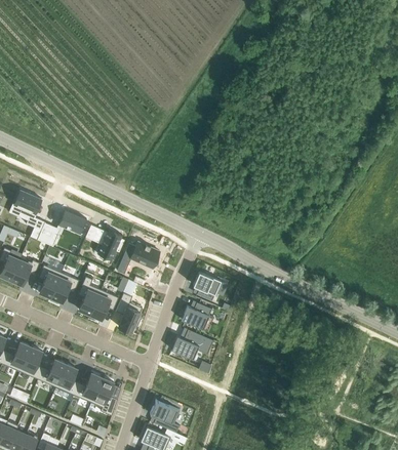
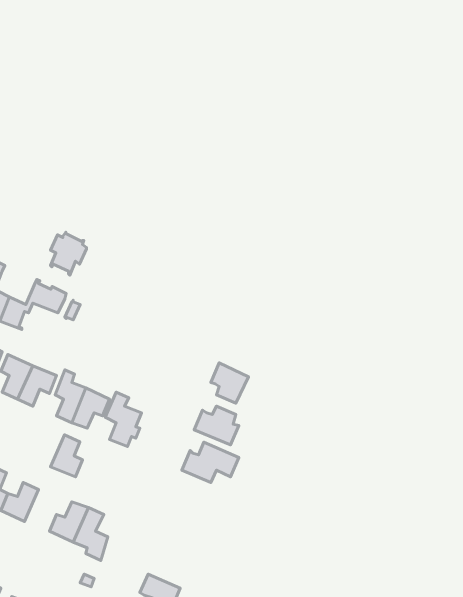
building: [97,229,124,260] -> [50,232,87,275]
building: [121,242,164,271] -> none
building: [55,364,79,395] -> [51,435,83,477]
building: [150,400,180,433] -> none

